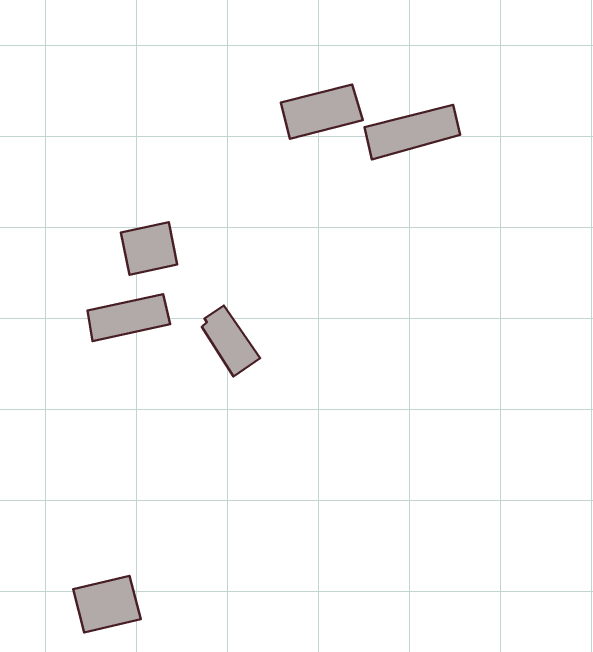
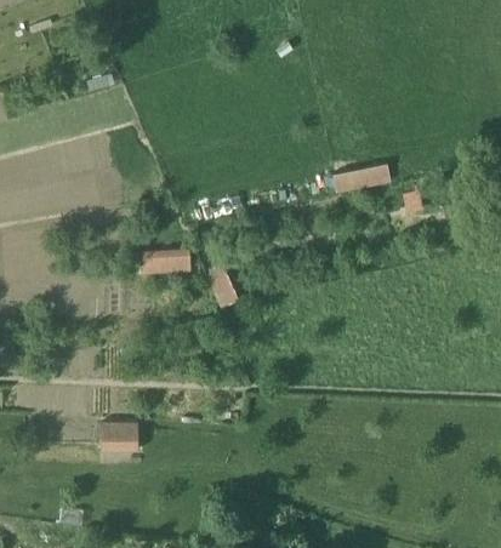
building: [281,84,363,139] -> none
building: [121,222,177,275] -> none

